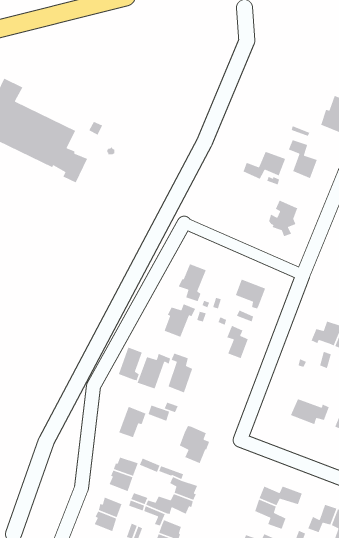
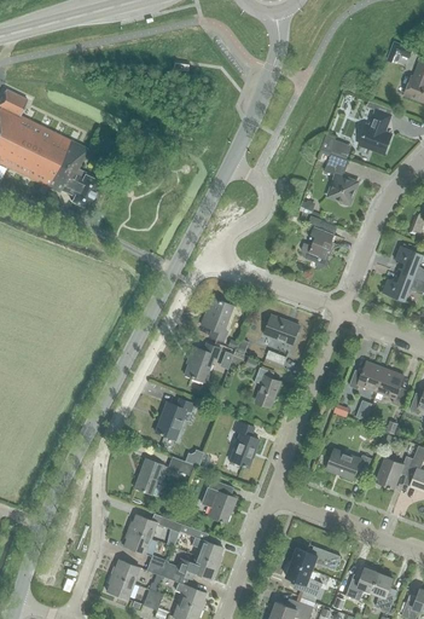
building: [242,151,286,180] -> none
building: [118,346,143,381] -> none
building: [167,352,193,393] -> [230,421,259,467]

